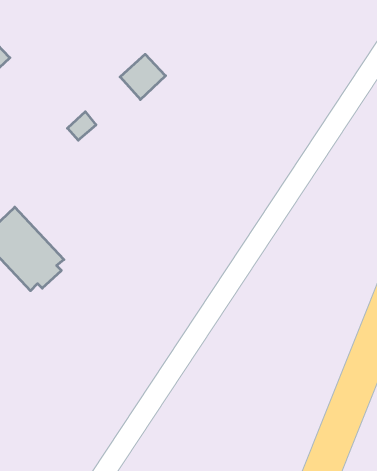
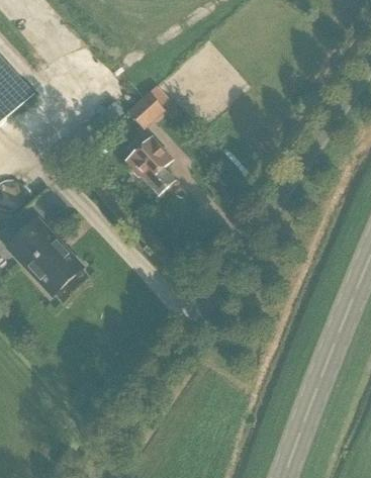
building: none -> [127,136,176,195]

